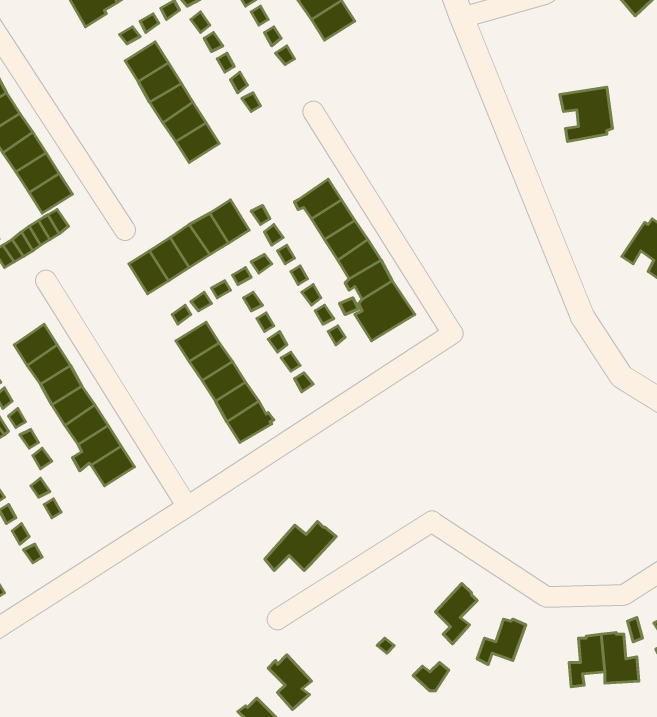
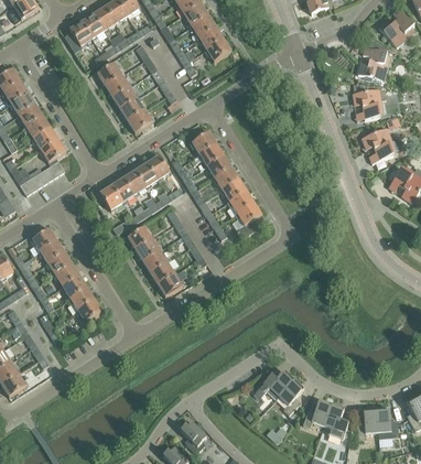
building: none -> [357,46,390,80]
building: none -> [188,126,216,154]
building: none -> [361,127,396,163]
building: [265,521,336,570] -> [252,370,294,399]
building: none -> [324,403,348,439]

